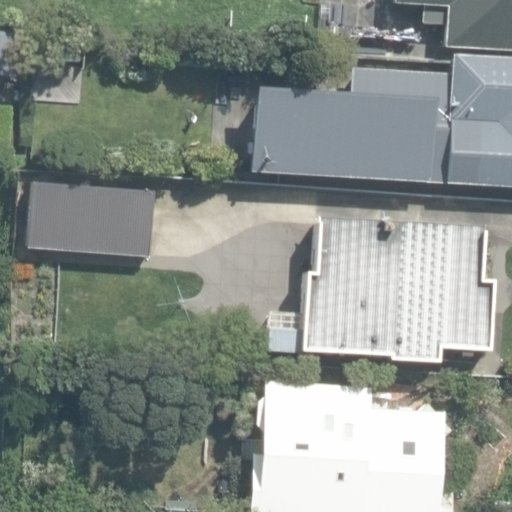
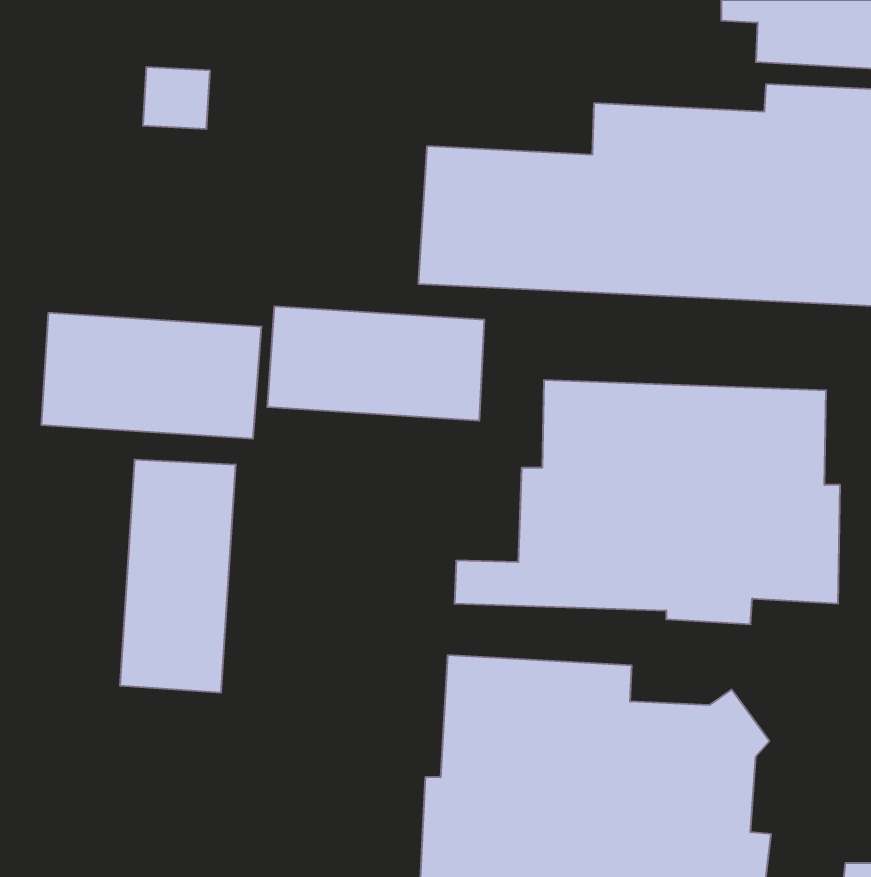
building: none -> [268,306,484,421]
building: none -> [120,459,236,693]

